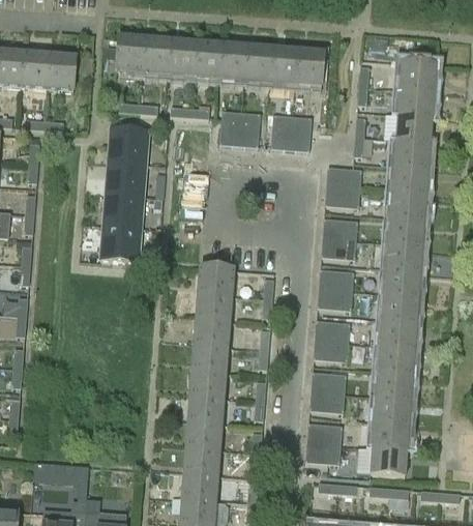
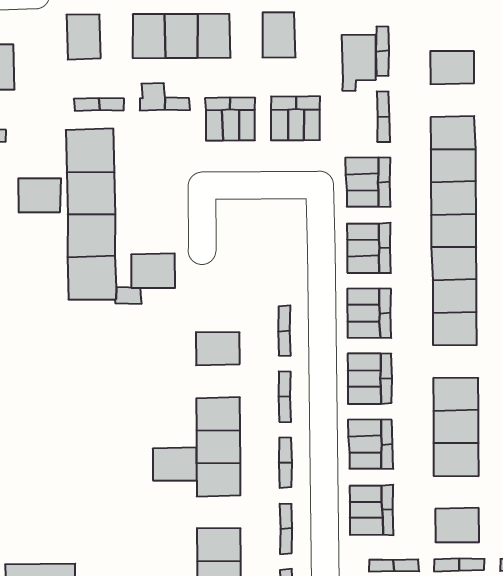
building: [143,38,171,75] -> none
building: [243,47,272,90] -> none
building: [294,50,324,94] -> [342,35,376,91]
building: [401,63,437,92] -> none
building: [396,115,433,143] -> none
building: none -> [18,178,61,213]
building: [199,267,235,296] -> [131,253,175,288]
building: [195,319,231,347] -> none
building: [381,319,417,348] -> none
building: [186,421,223,449] -> [153,448,197,481]
building: [374,421,410,449] -> none

